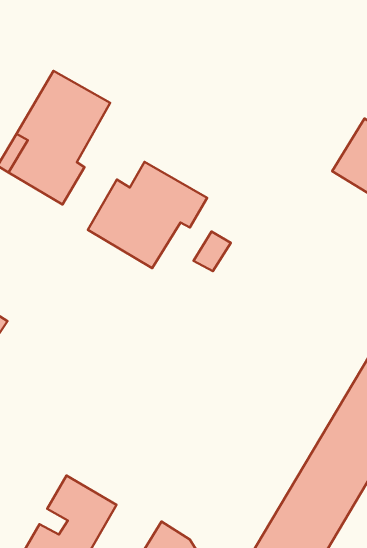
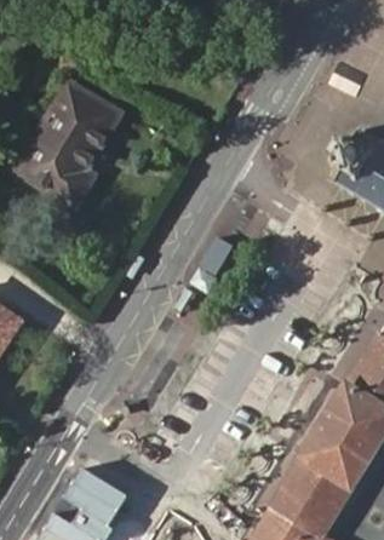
building: [88,162,207,268] -> none

